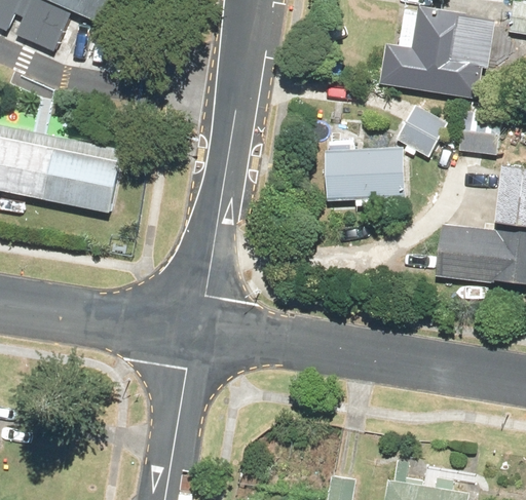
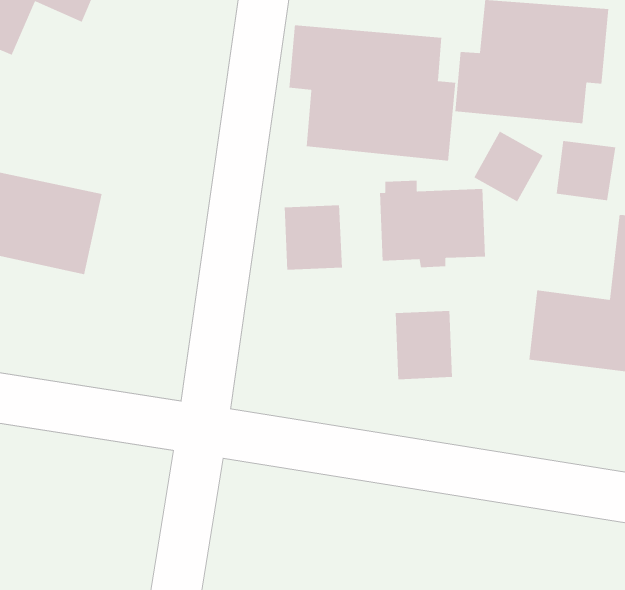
building: none -> [289,25,456,162]
building: none -> [284,205,342,271]
building: none -> [395,310,453,380]

